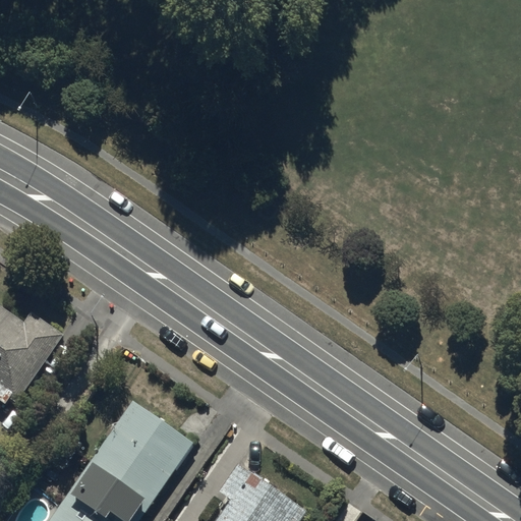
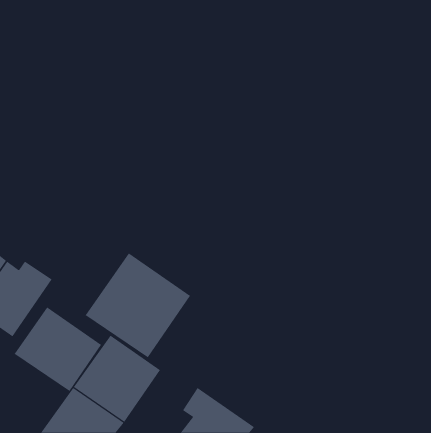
building: none -> [85,253,191,358]
building: none -> [14,306,102,392]

